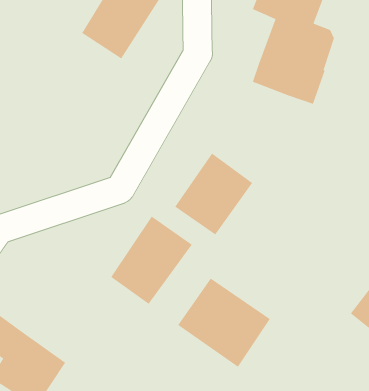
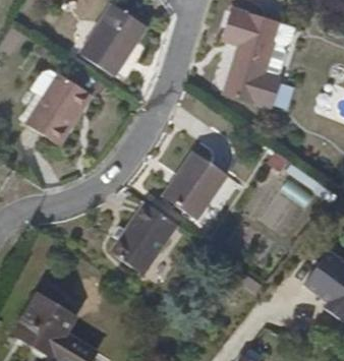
building: none -> [31,71,99,145]
building: [177,277,271,368] -> none

